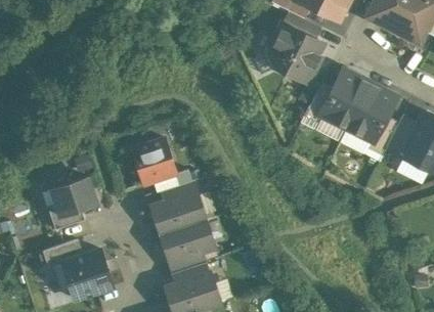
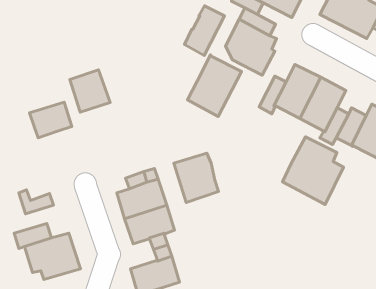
building: none -> [184,6,224,55]
building: none -> [187,55,241,117]
building: [133,138,176,183] -> [70,70,110,112]
building: none -> [283,137,343,204]
building: none -> [174,153,219,202]
building: [51,177,96,215] -> [30,102,72,138]

